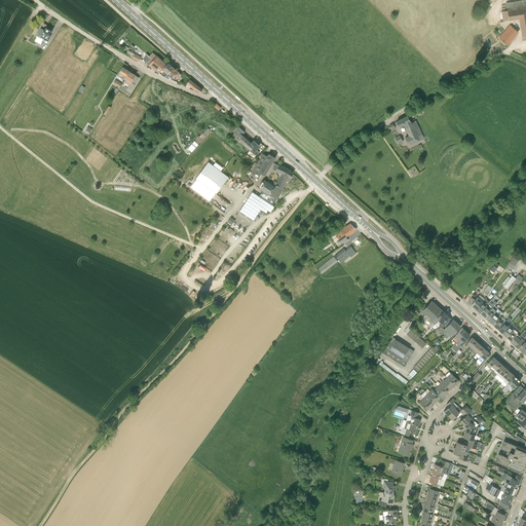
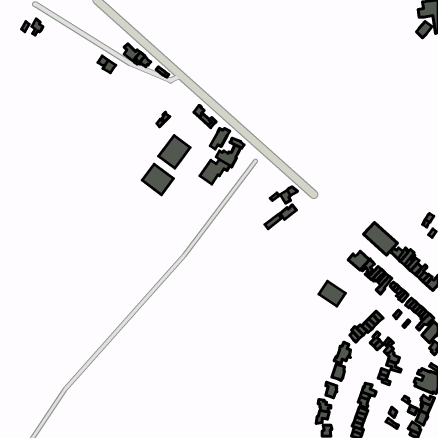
building: [396,116,424,145] -> none
building: none -> [142,164,174,195]
building: none -> [364,222,397,255]

